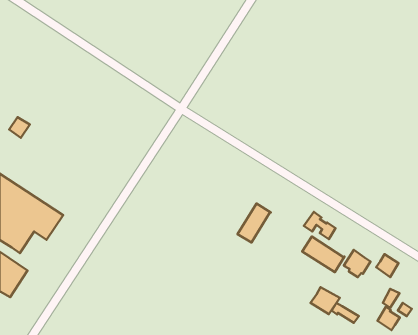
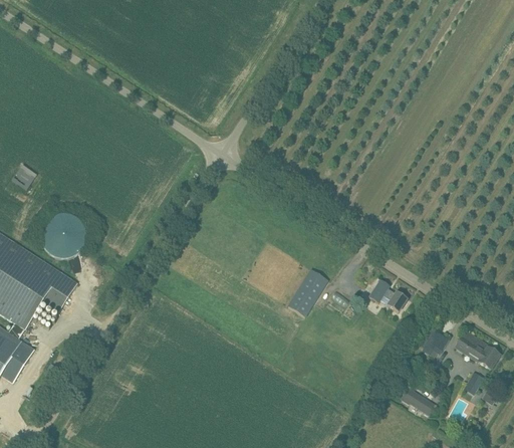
building: none -> [40,213,86,258]
building: [302,237,344,272] -> none
building: [310,287,340,314] -> none
building: [377,307,400,330] -> [473,342,500,370]

